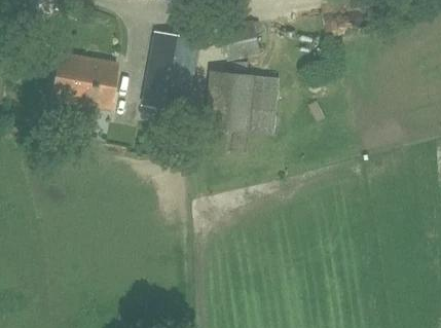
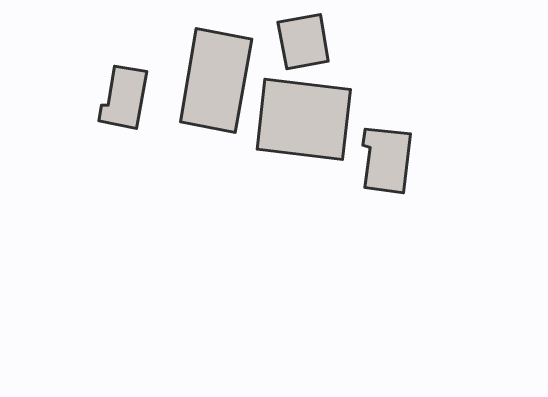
building: [49,53,91,103] -> none
building: none -> [363,129,411,193]

